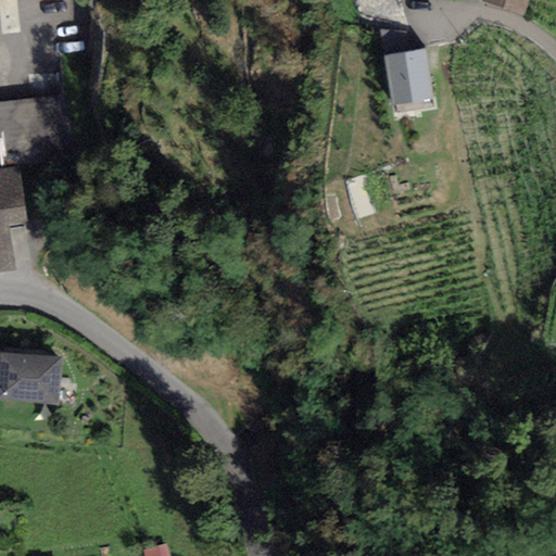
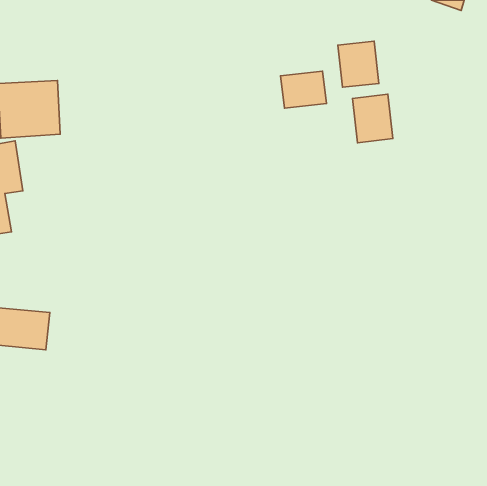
building: none -> [281,71,326,108]
building: none -> [352,94,393,143]

